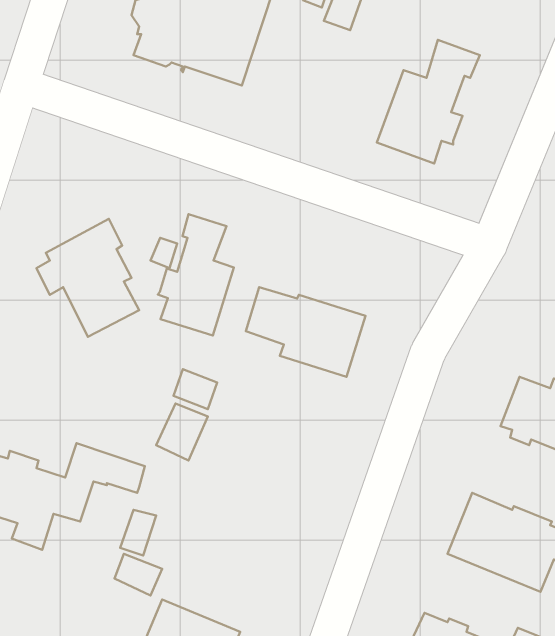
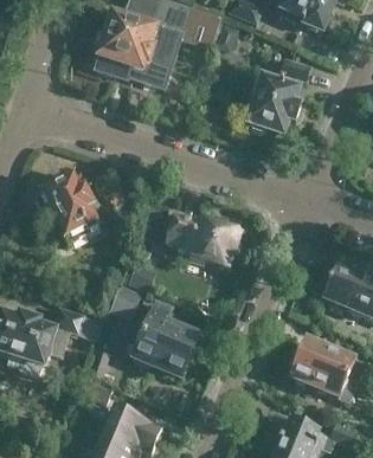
building: [158,214,234,335] -> none
building: none -> [131,302,199,376]

